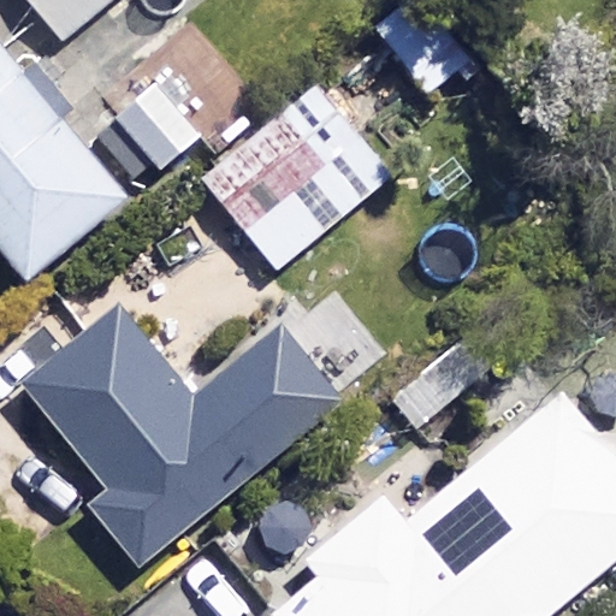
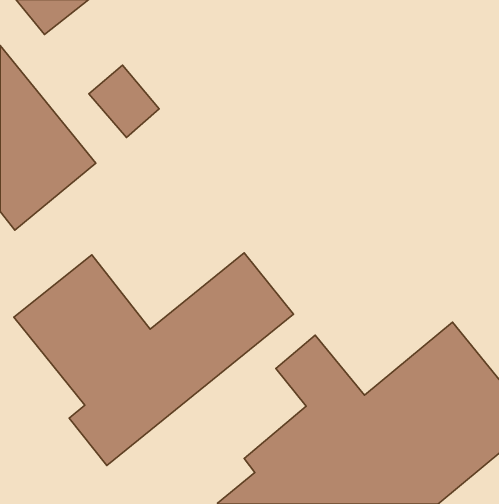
building: [205,88,392,271] -> none

